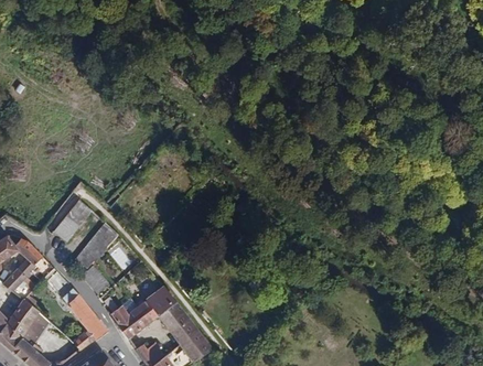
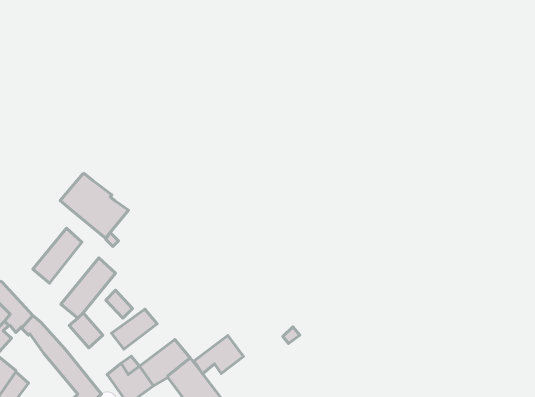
building: none -> [60,174,129,238]
building: none -> [112,309,157,349]
building: none -> [194,335,244,374]

